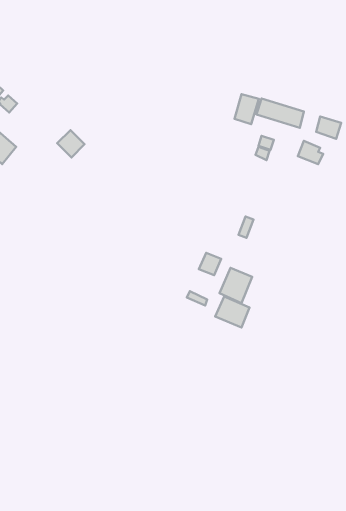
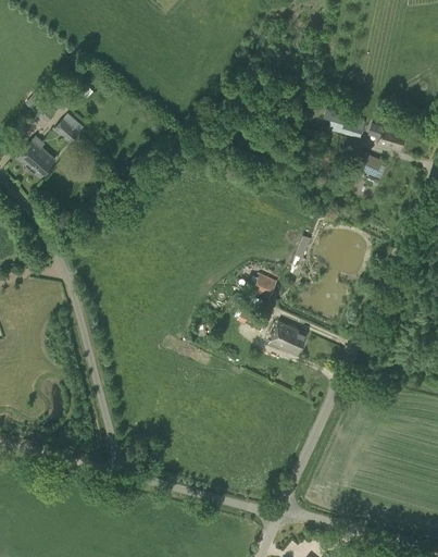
building: [235,94,259,124] -> none
building: [57,130,84,157] -> [53,113,83,143]
building: [219,268,252,303] -> none

